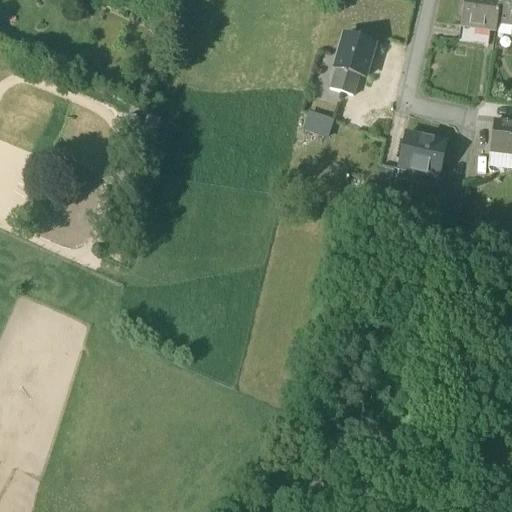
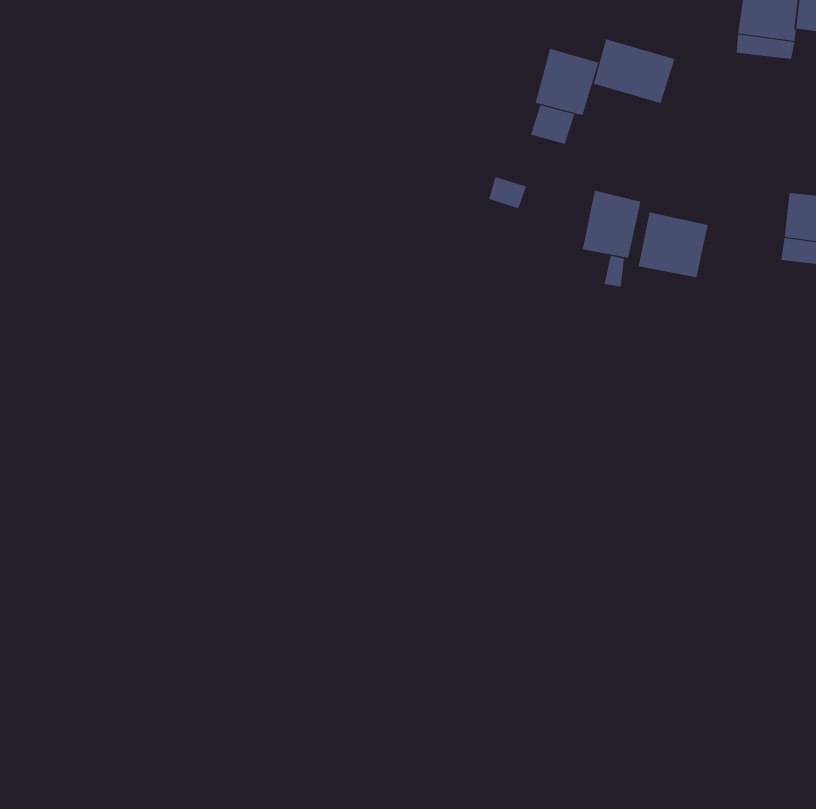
building: none -> [593,38,675,104]
building: none -> [582,190,641,259]

